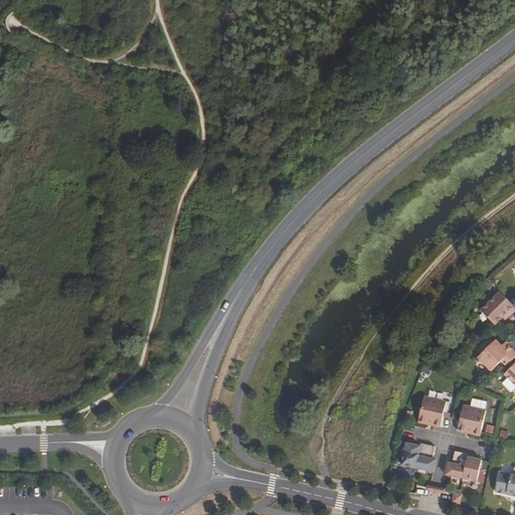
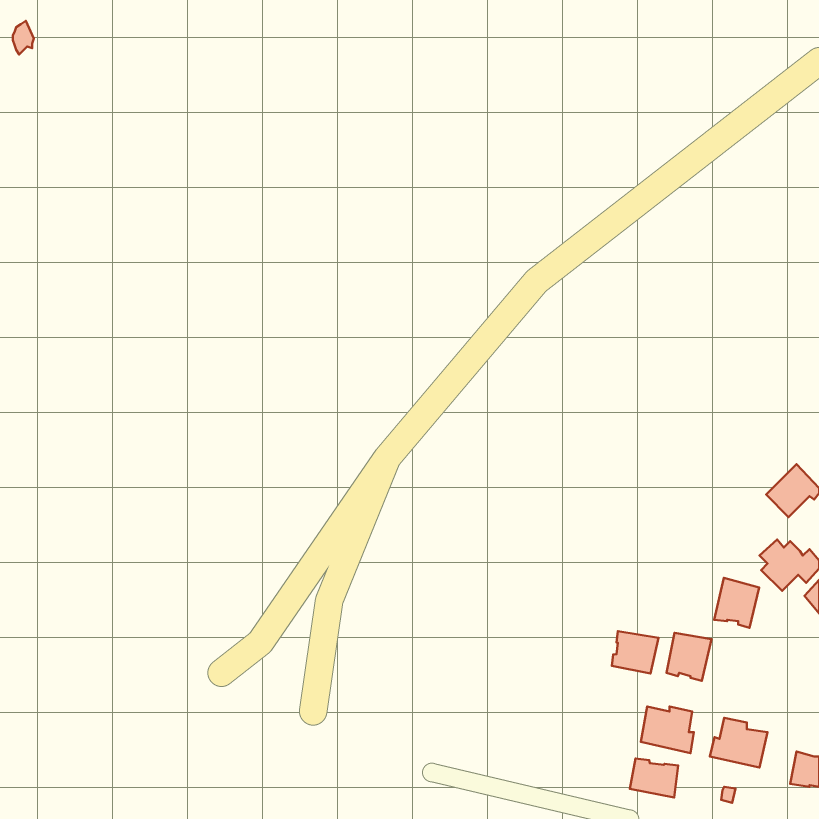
building: none -> [612,631,659,673]
building: [457,404,485,436] -> [714,578,759,628]
building: none -> [630,758,678,797]

